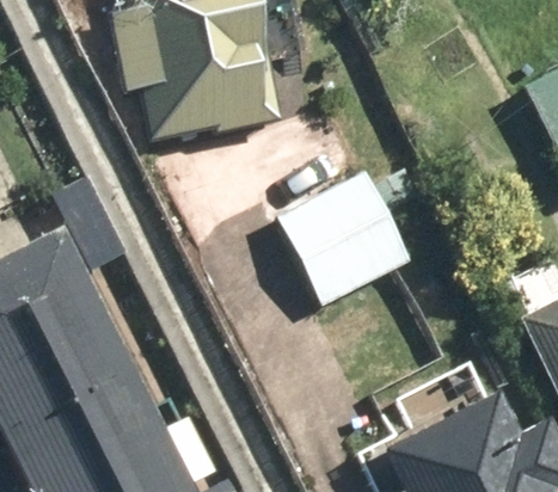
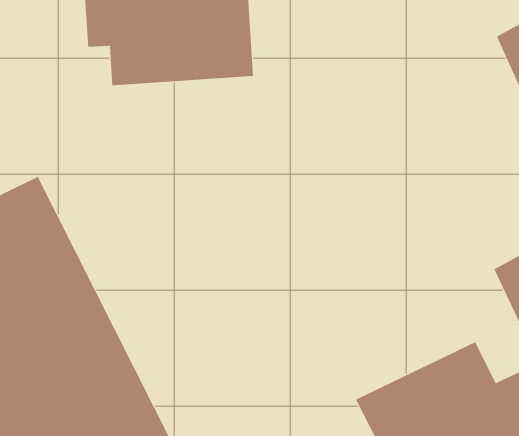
building: [272,172,409,307] -> none

